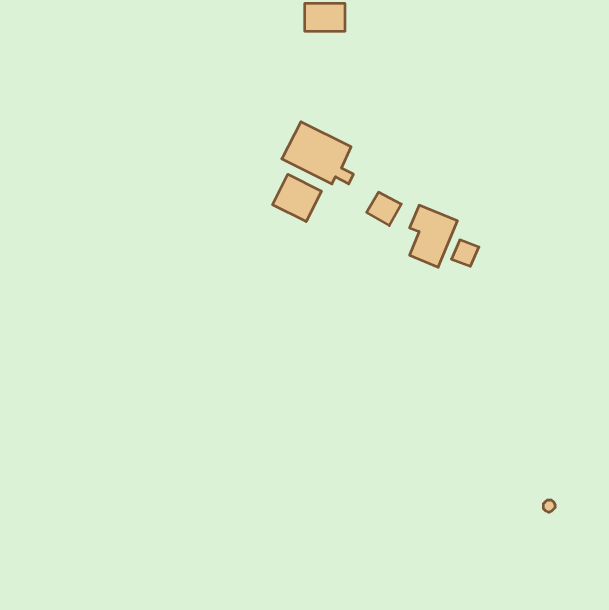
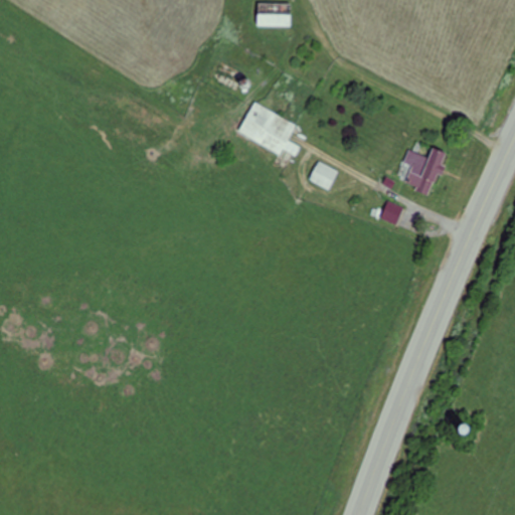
building: [273,174,321,222] -> none
building: [410,205,457,267] -> [404,144,445,196]

